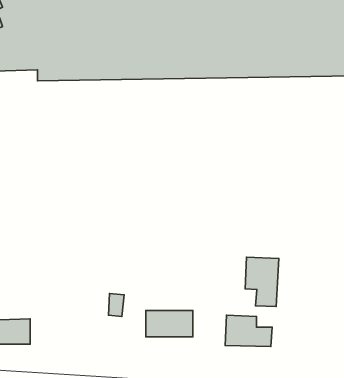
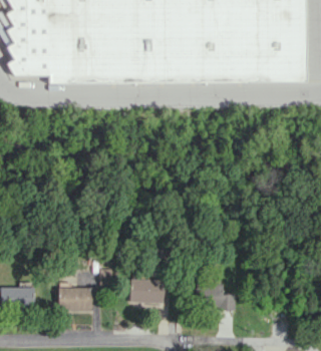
building: [245,257,279,306] -> none
building: none -> [59,285,93,308]

